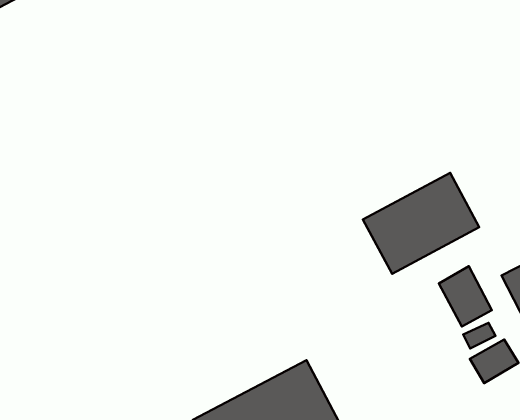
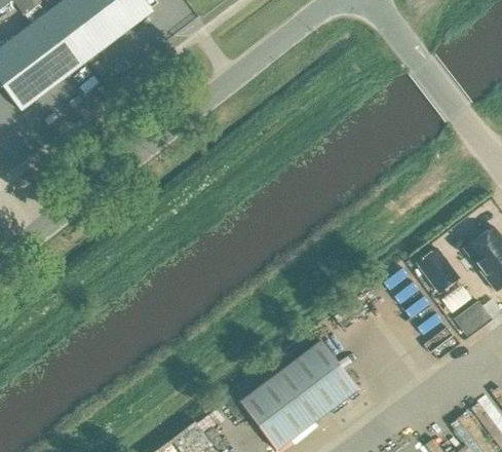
building: [363,173,479,274] -> none

